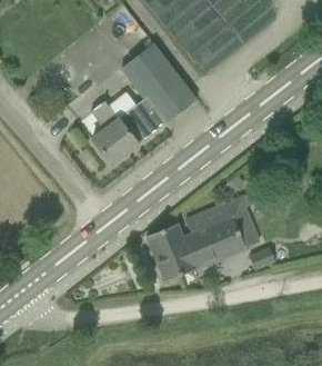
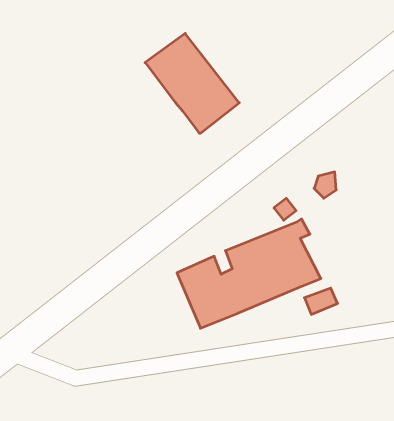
building: [91,99,164,165] -> none

